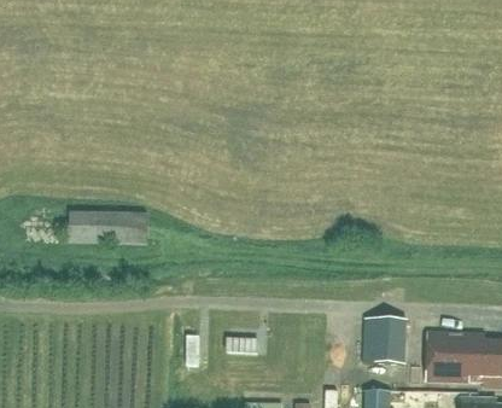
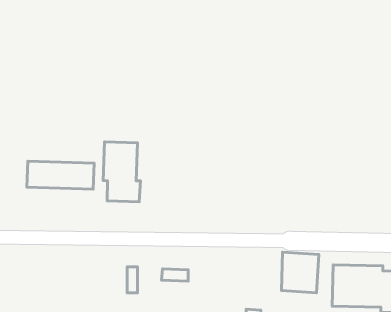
building: none -> [103,142,140,202]

